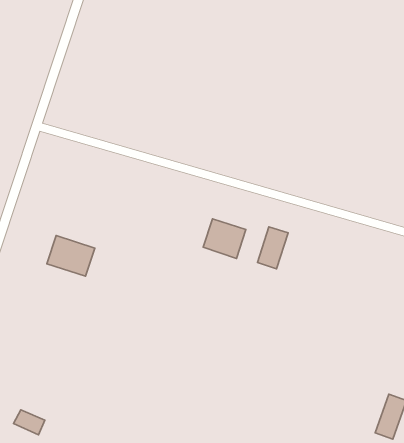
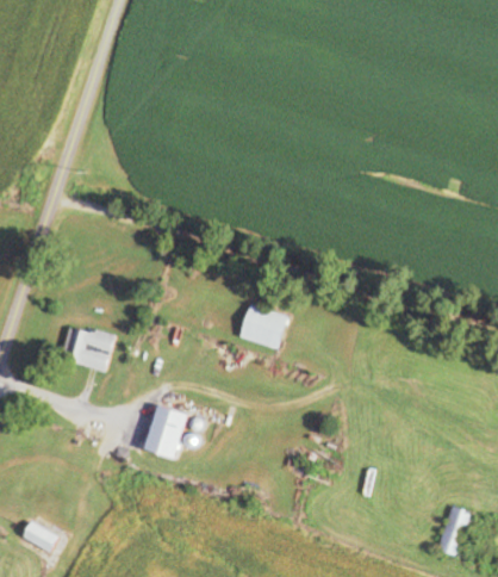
building: [257,227,288,269] -> none
building: none -> [144,404,187,459]

